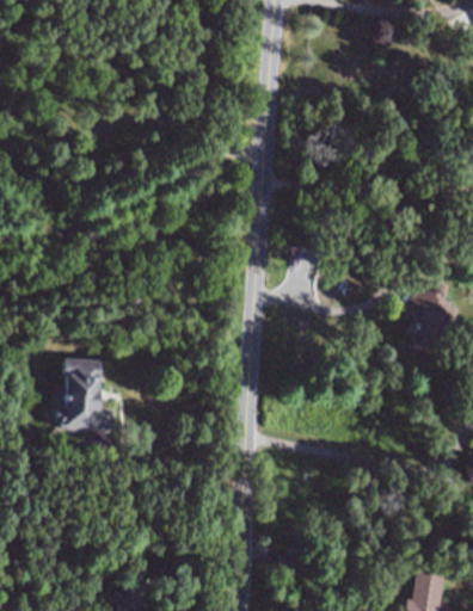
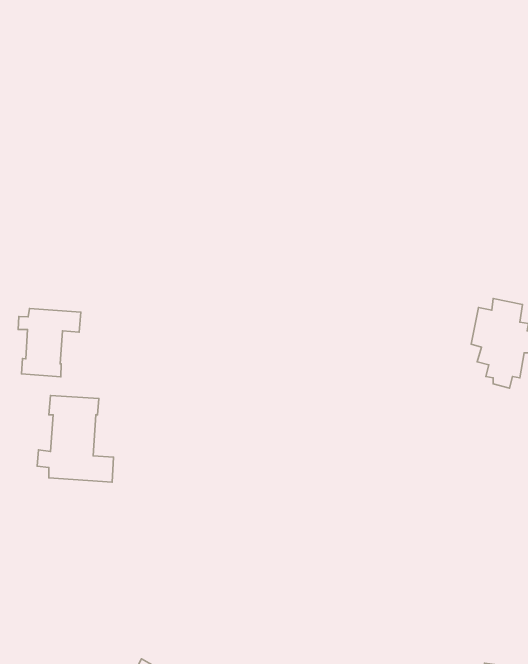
building: none -> [18,309,81,377]

